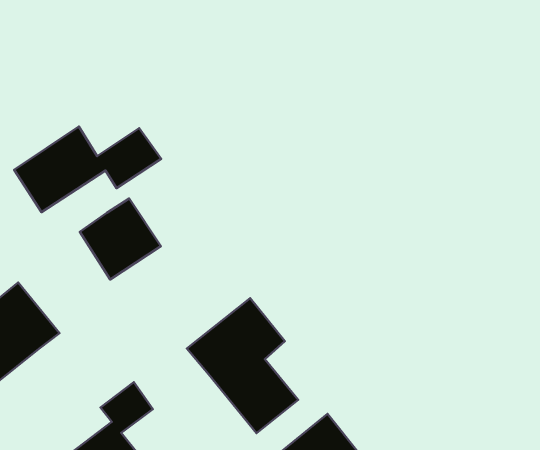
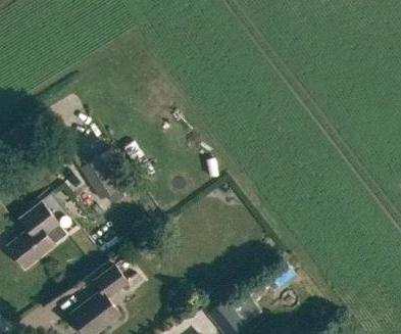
building: [14,126,161,212] -> none
building: [187,298,298,433] -> none

